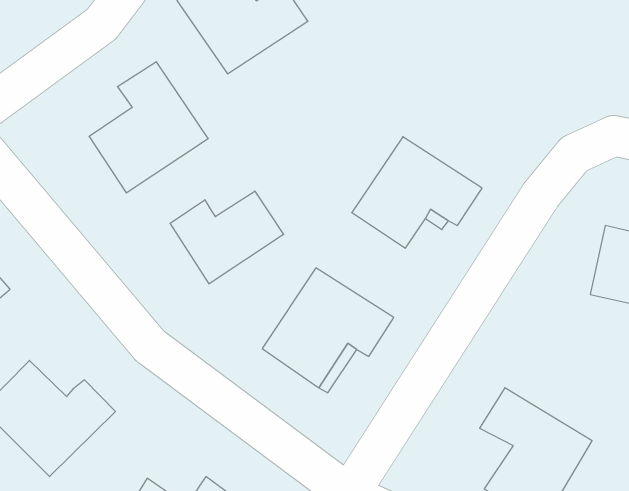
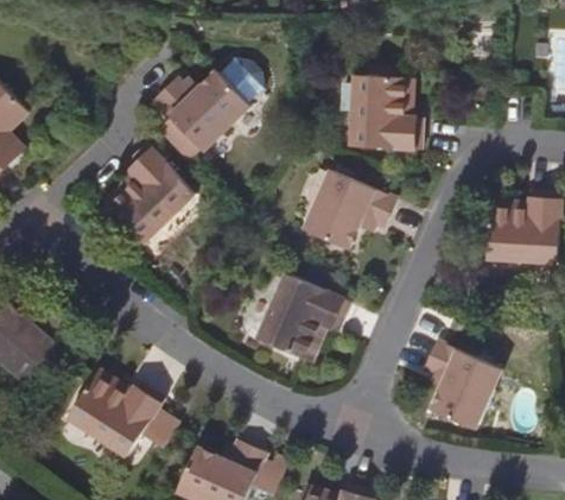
building: none -> [350,80,421,152]
building: [170,191,284,284] -> none

